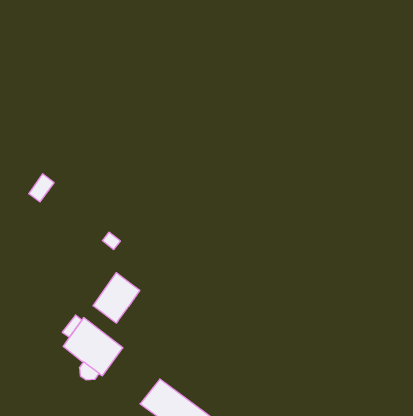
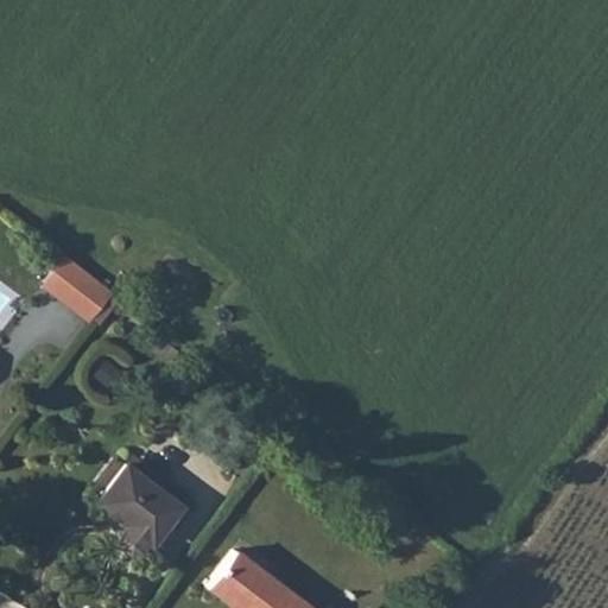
building: none -> [63,270,118,324]
building: [93,273,140,323] -> none

